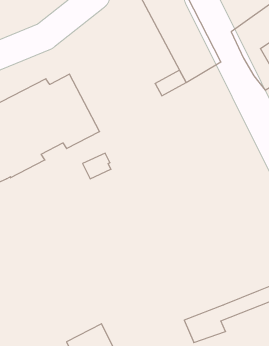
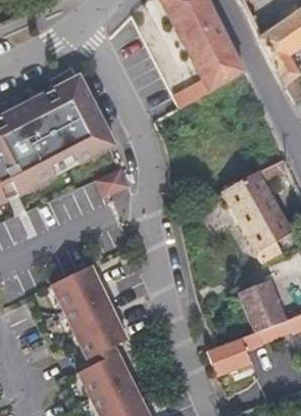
building: none -> [222,172,293,262]
building: none -> [51,267,126,359]
building: none -> [232,279,287,333]

